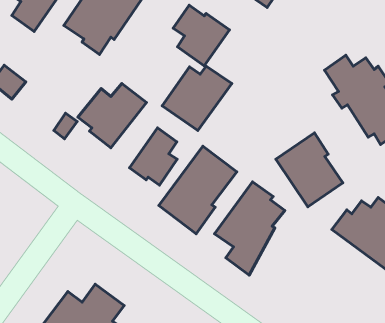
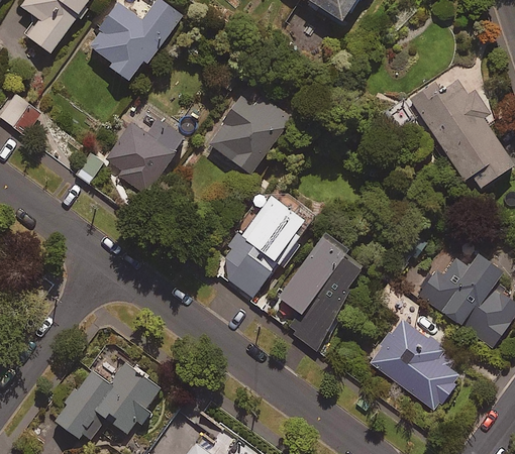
building: [173,5,230,66] -> none
building: [129,128,177,185] -> none
building: [276,133,343,207] -> none
building: none -> [380,309,473,405]

